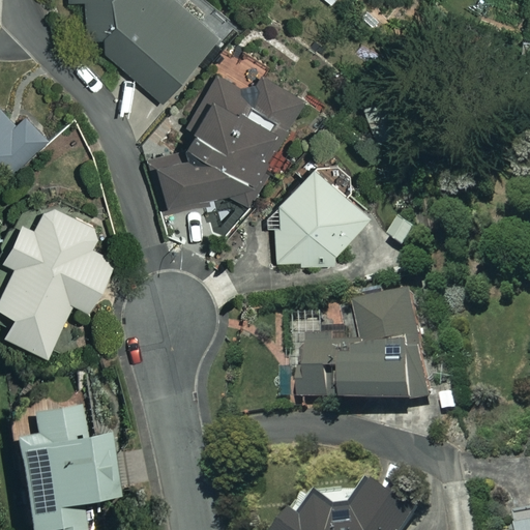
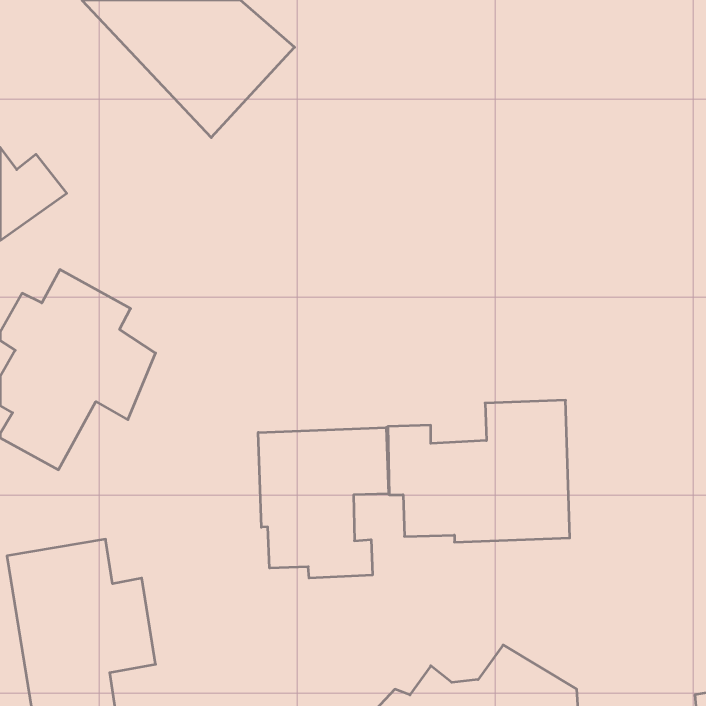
building: [148,60,298,216] -> none
building: [266,166,369,266] -> none
building: none -> [258,427,389,578]

